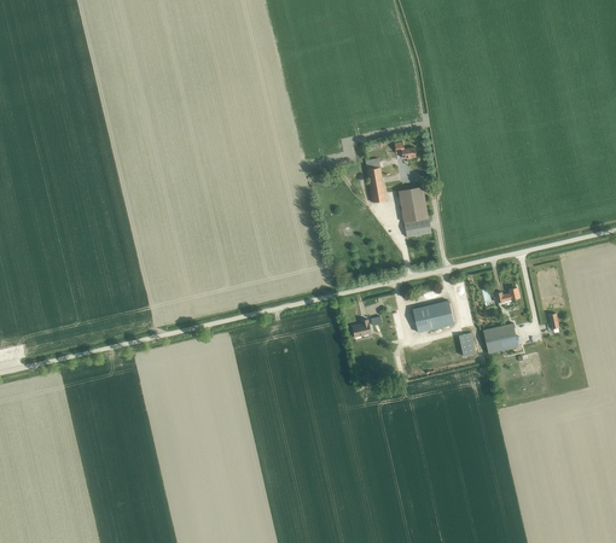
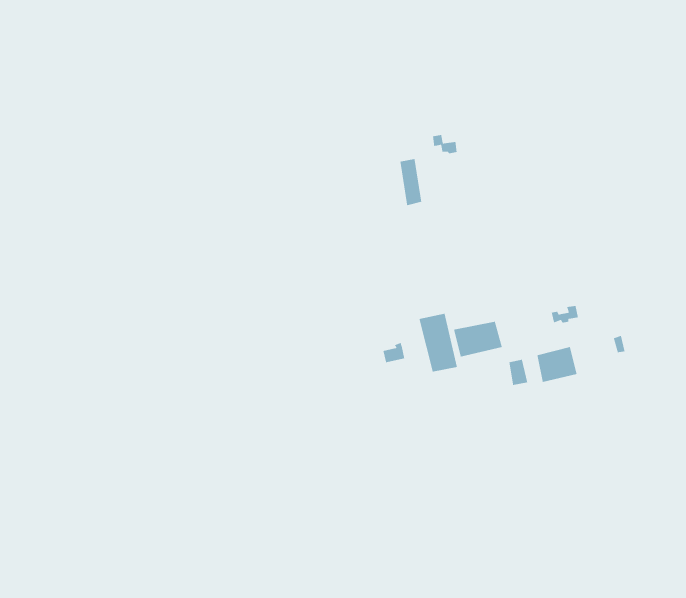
building: [399,187,431,237] -> none
building: none -> [418,313,458,372]

